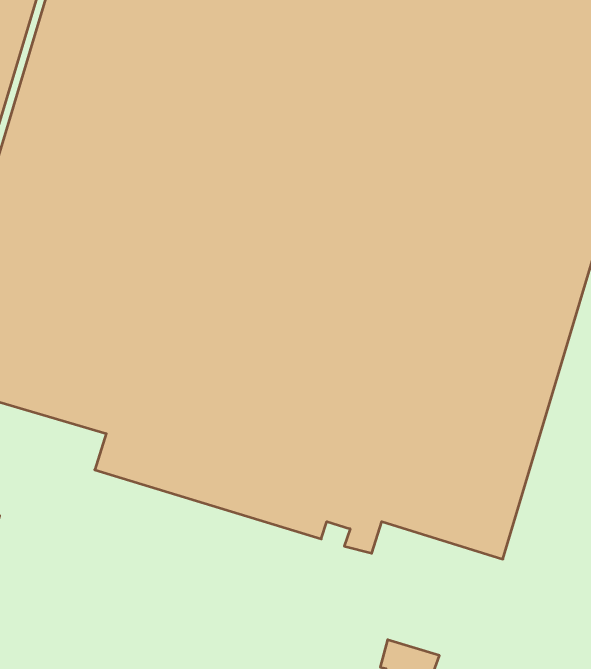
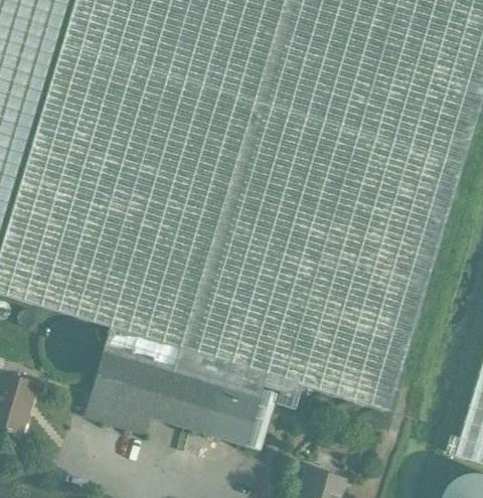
building: none -> [83,352,260,450]

